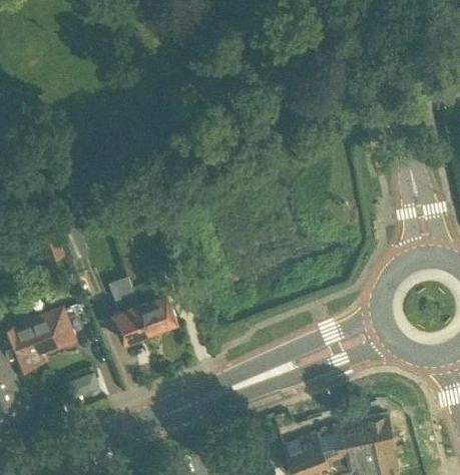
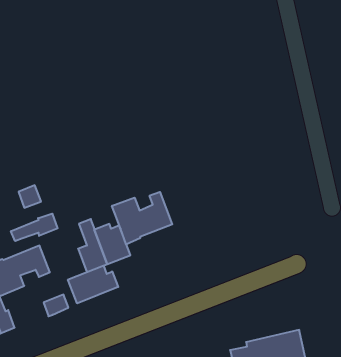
building: none -> [112,192,172,245]
building: none -> [11,214,58,241]
building: none -> [68,266,118,303]

